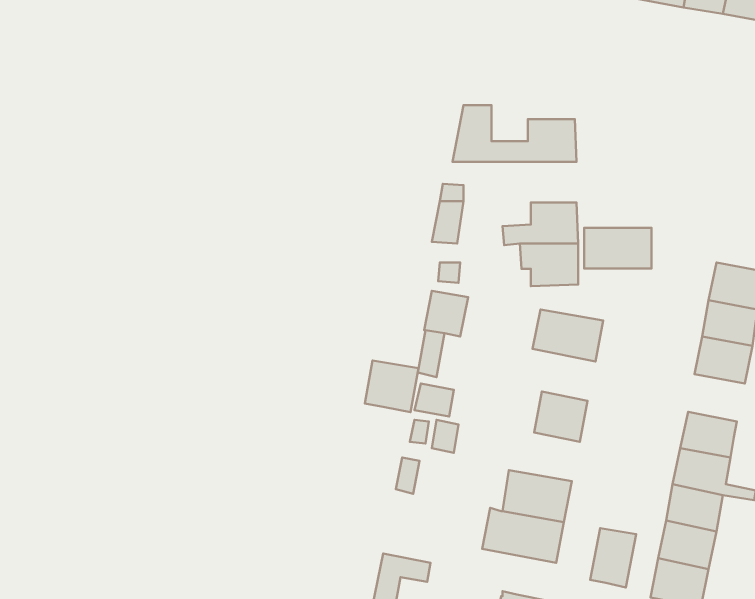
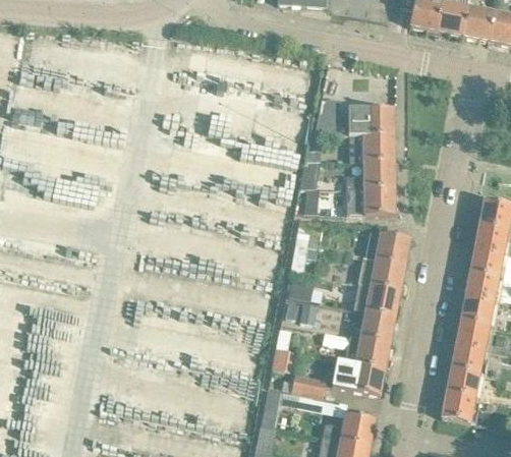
building: [584,228,652,269] -> [349,134,393,161]
building: none -> [357,255,405,289]
building: [365,361,419,412] -> none
building: none -> [465,272,502,302]
building: none -> [353,308,395,341]
building: [590,528,636,588] -> none
building: none -> [291,373,327,397]

